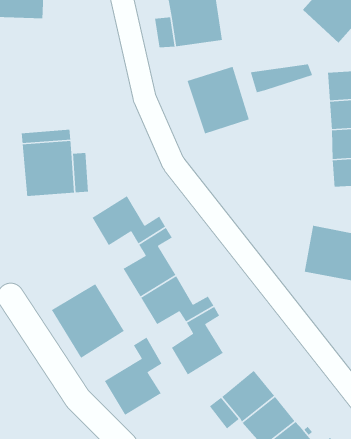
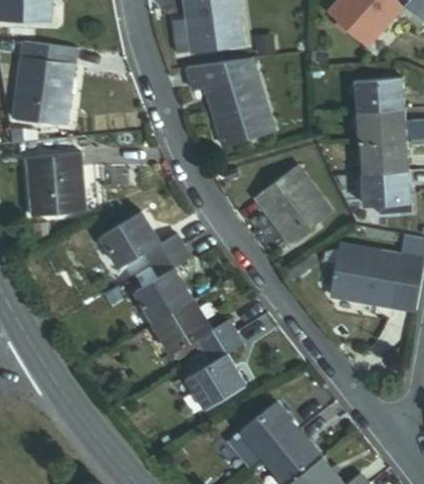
building: none -> [13,41,77,125]
building: [250,63,313,93] -> [186,59,254,92]
building: none -> [255,167,332,245]
building: [51,283,125,359] -> none
building: [104,336,163,416] -> none

